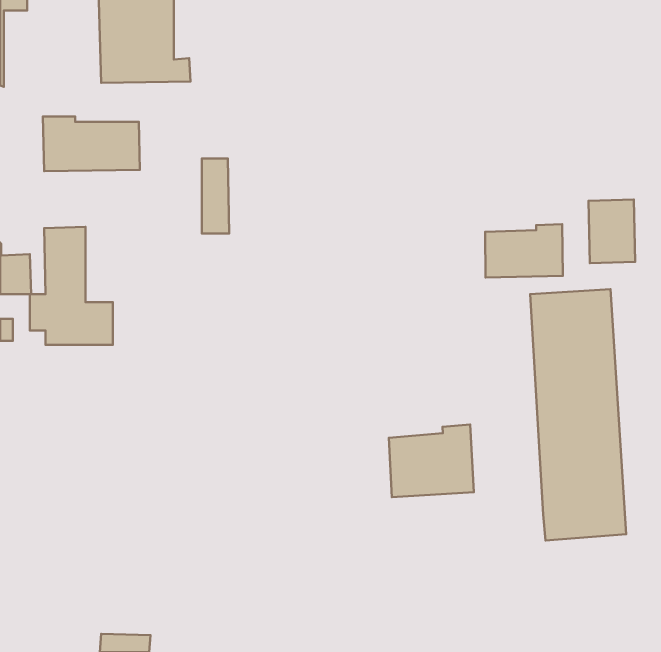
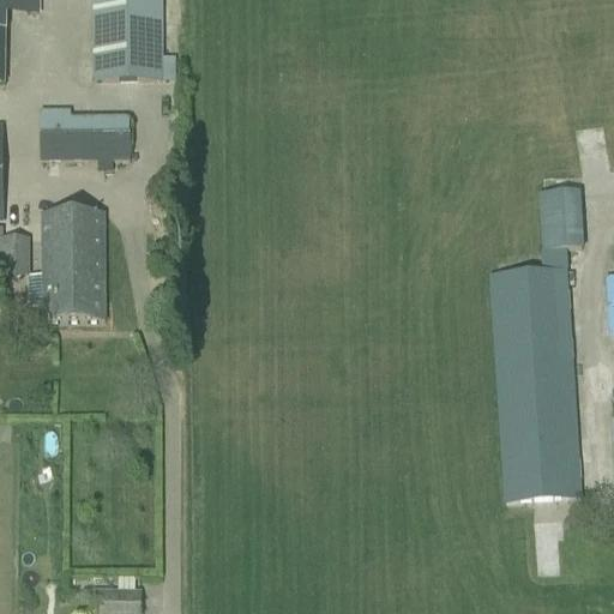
building: [202,158,229,234] -> [80,210,106,279]
building: [485,224,563,277] -> none
building: [389,425,474,497] -> none

